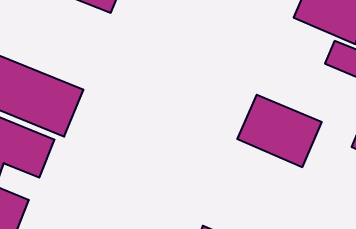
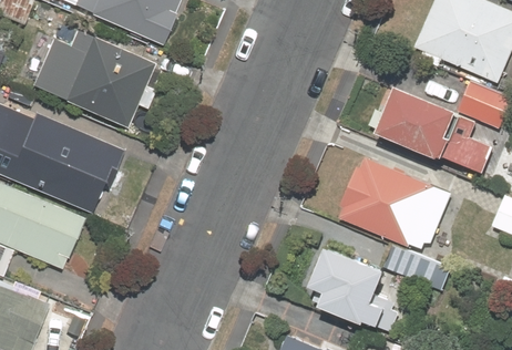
building: none -> [32,31,154,126]
building: none -> [376,89,491,174]
building: none -> [307,246,400,333]

